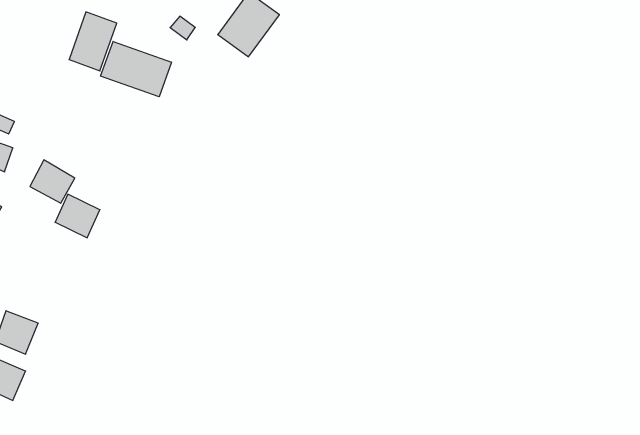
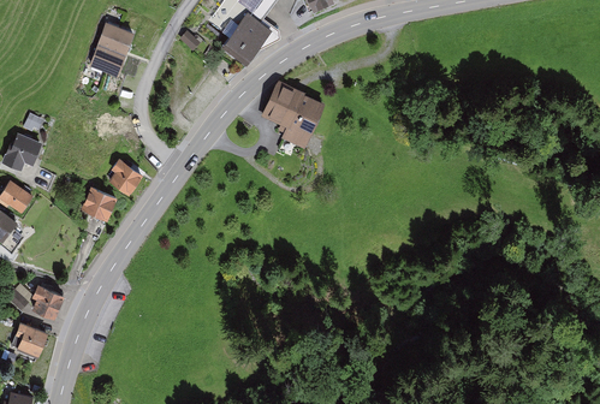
building: [101,41,171,97] -> none
building: none -> [263,82,326,138]
building: [30,160,75,203] -> [106,158,144,195]

